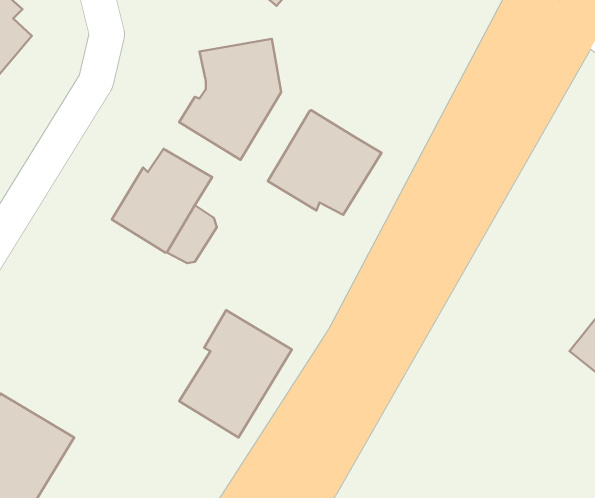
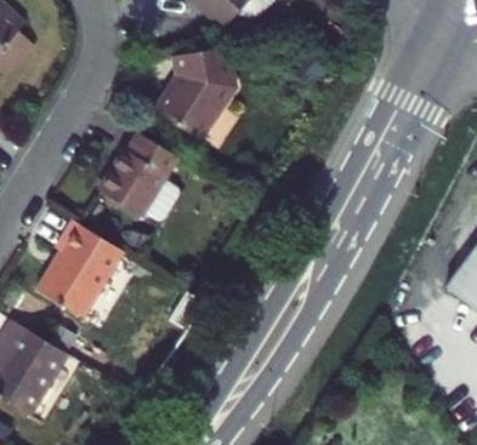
building: [268,110,382,215] -> none
building: [179,310,292,437] -> [35,221,123,319]

